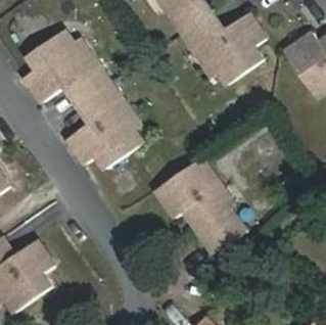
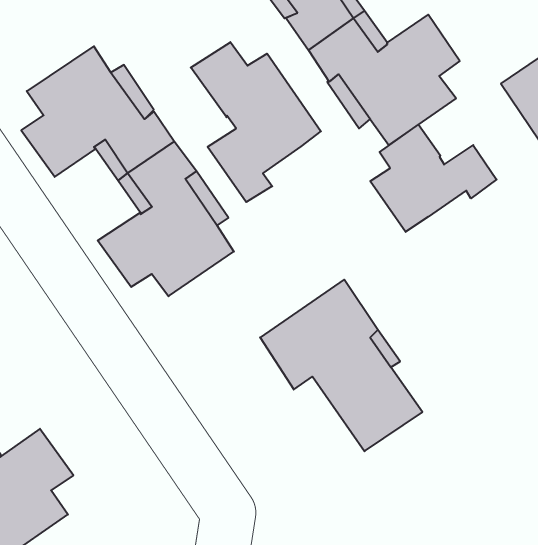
building: none -> [191,42,321,202]
building: none -> [370,125,497,232]

